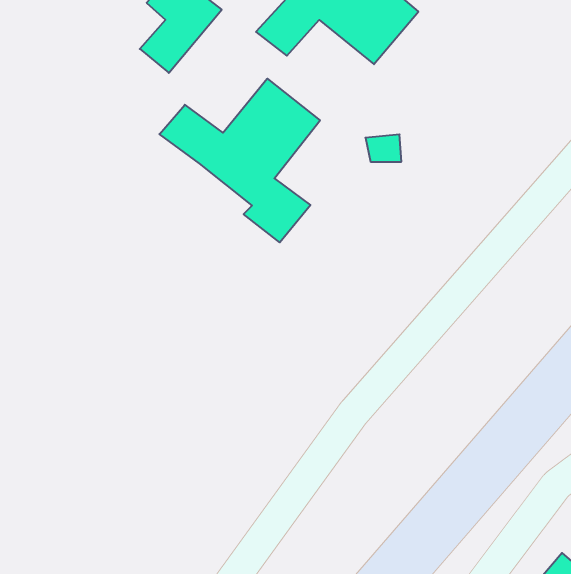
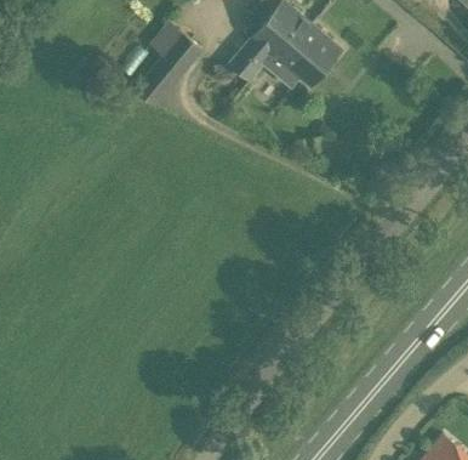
building: [159,79,320,242] -> none

